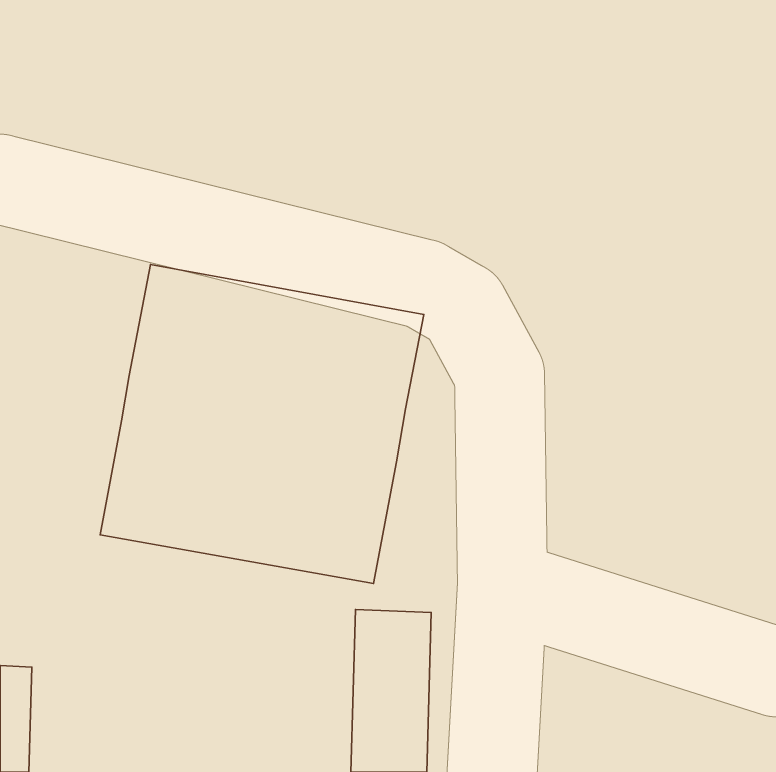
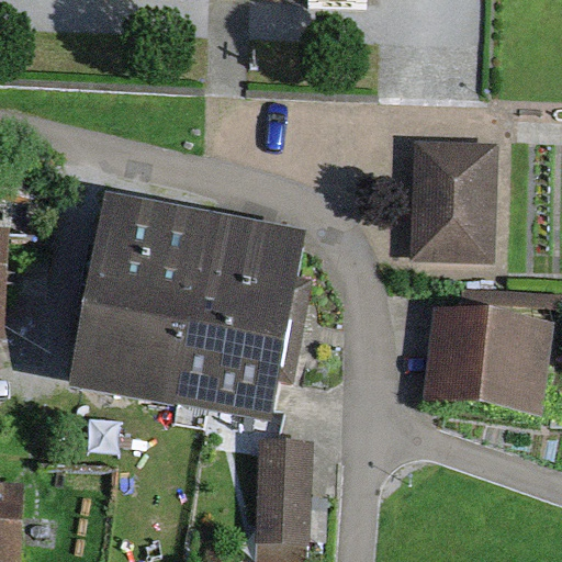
building: none -> [412,143,496,261]
building: none -> [424,307,551,408]

